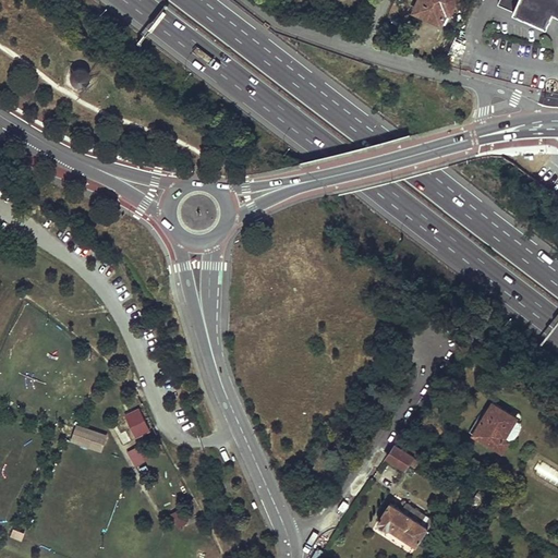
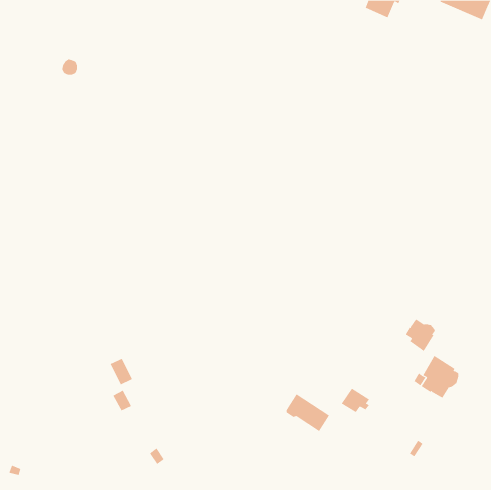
building: none -> [405,319,436,352]
building: [69,426,107,452] -> none
building: [377,504,427,547] -> [286,393,330,432]

